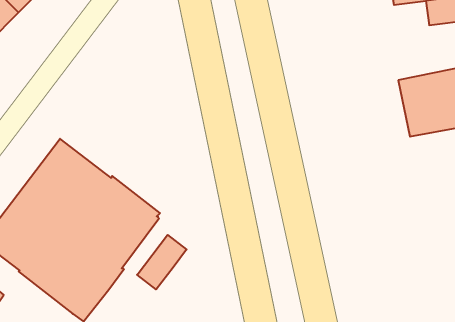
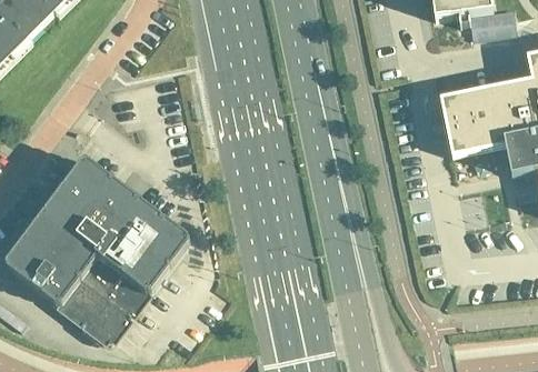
building: [137,235,187,289] -> none

